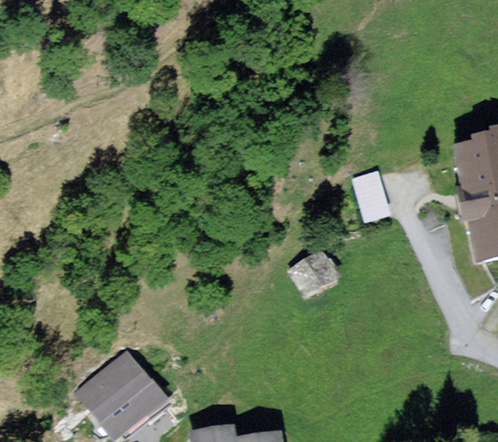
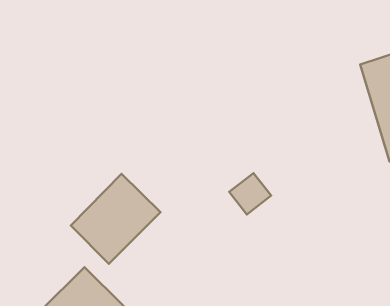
building: [355,171,393,223] -> none
building: none -> [71,174,160,264]

